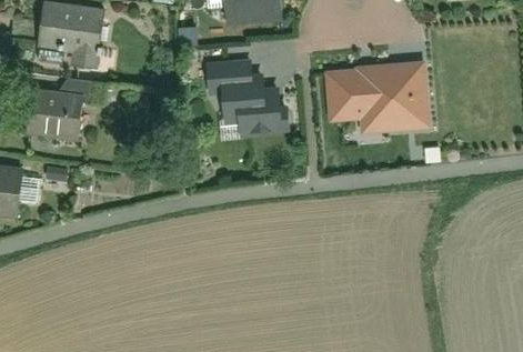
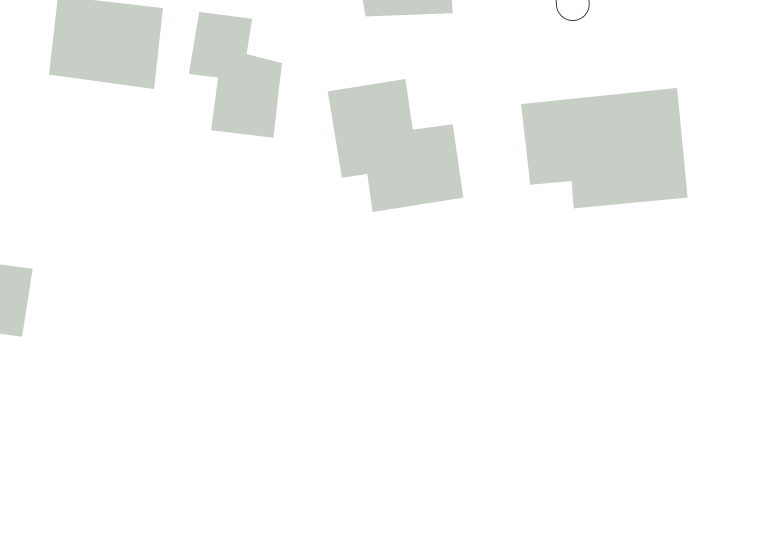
building: none -> [188,11,282,138]
building: [23,86,86,141] -> none

